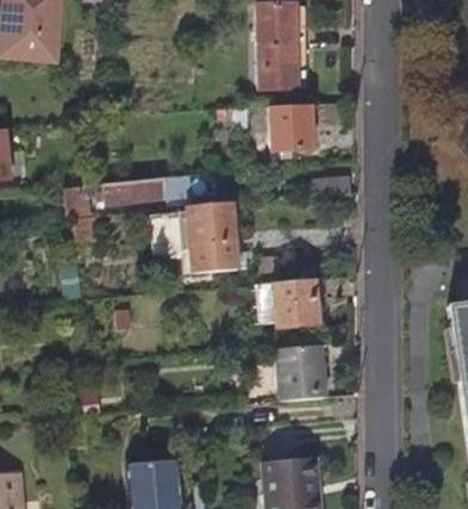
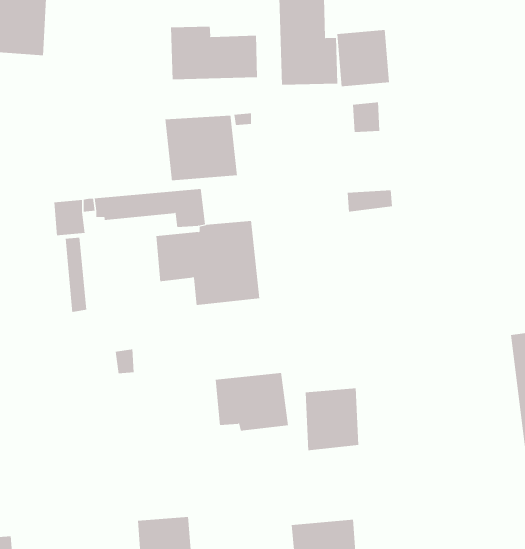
building: none -> [170,26,258,80]
building: [268,104,313,153] -> [337,30,390,87]
building: none -> [165,115,237,181]
building: [255,278,318,328] -> [215,372,289,431]

